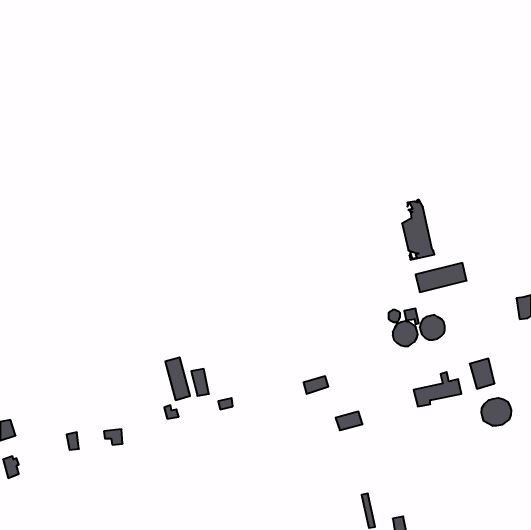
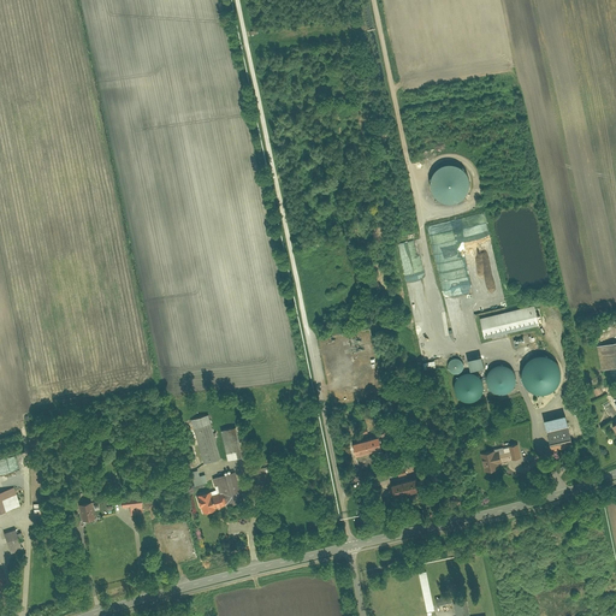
building: none -> [431,166,469,205]
building: none -> [522,356,561,395]
building: [481,398,511,426] -> none
building: none -> [195,474,242,516]

